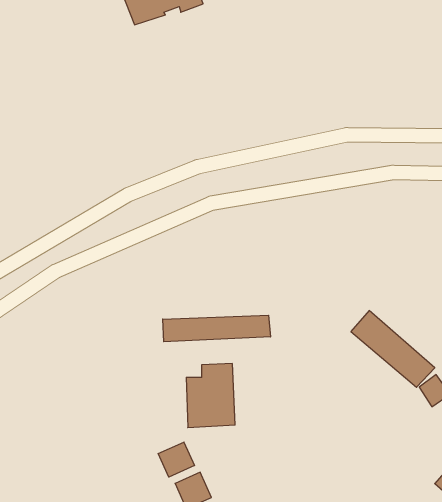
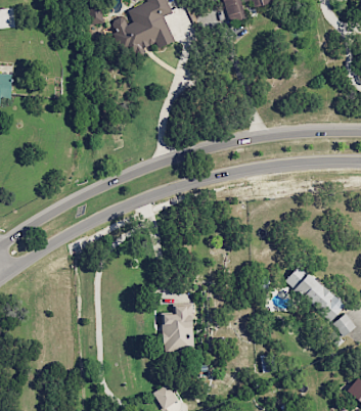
building: [163,315,270,342] -> none
building: [158,442,194,477] -> none

